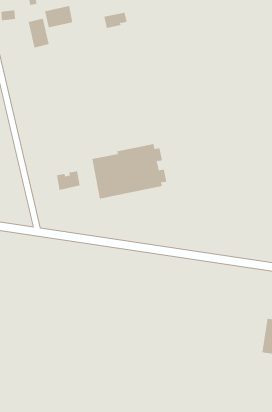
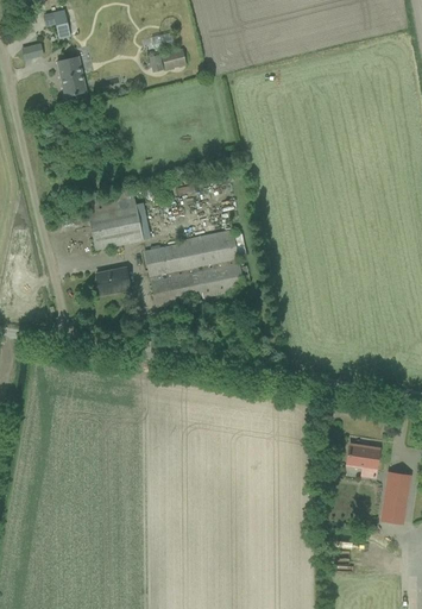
building: [44,5,73,28] -> none
building: none -> [87,195,143,249]
building: none -> [347,445,379,477]

